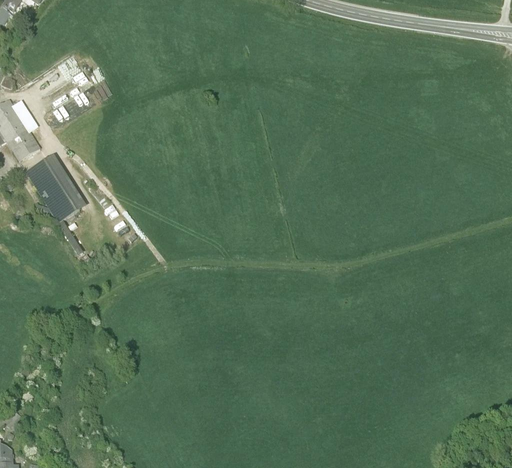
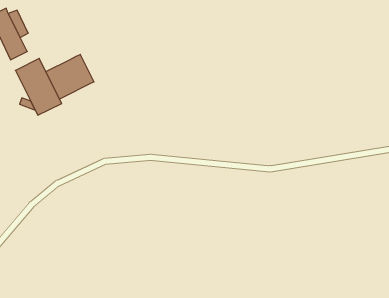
building: none -> [46,54,94,99]

